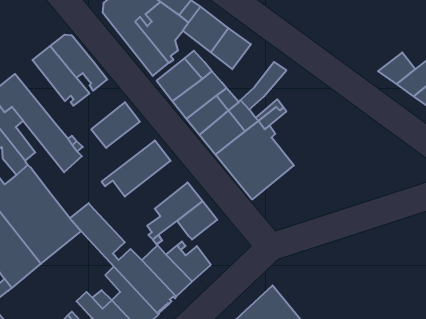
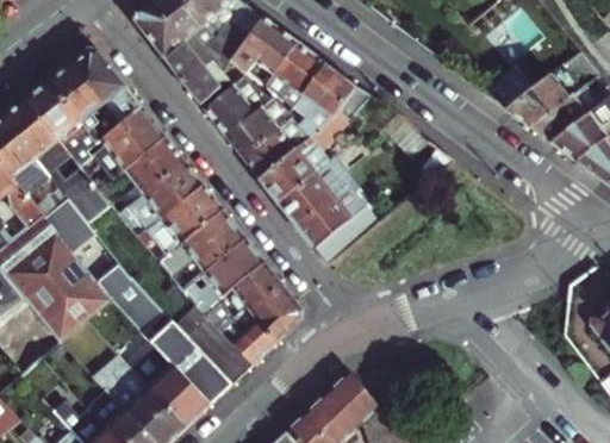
building: none -> [300,62,354,117]
building: none -> [23,82,89,166]
building: none -> [94,107,163,180]
building: none -> [114,161,201,237]
building: none -> [43,200,93,254]
building: none -> [155,211,243,273]
building: none -> [249,286,299,343]

